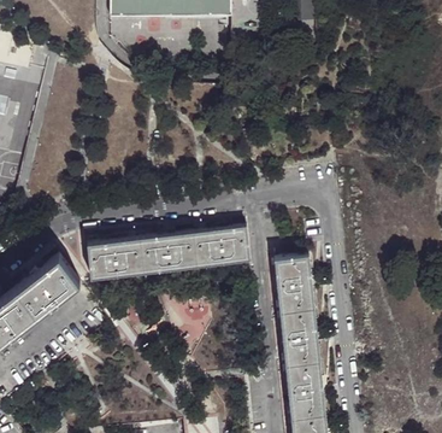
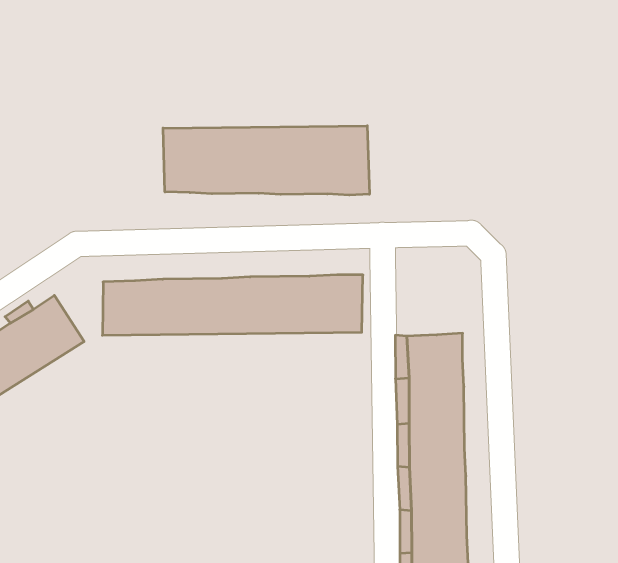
building: none -> [163,126,369,195]

